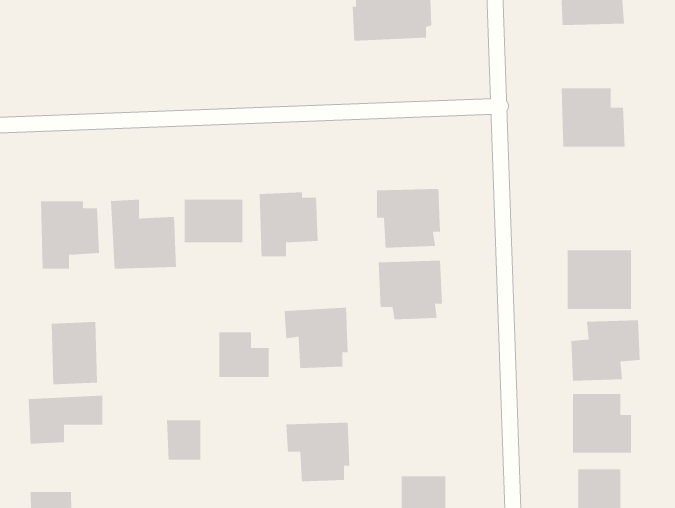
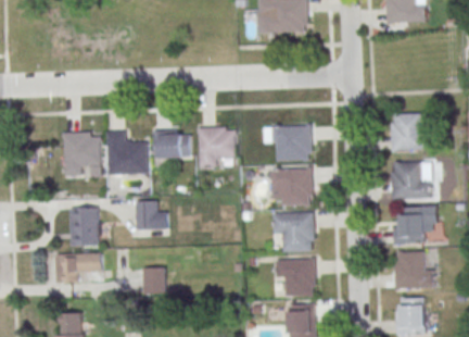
building: [561,88,626,147] -> [389,113,429,150]
building: [284,307,348,369] -> [274,213,314,251]
building: [219,332,269,377] -> [135,201,166,229]
building: [285,422,350,482] -> [276,259,316,296]

